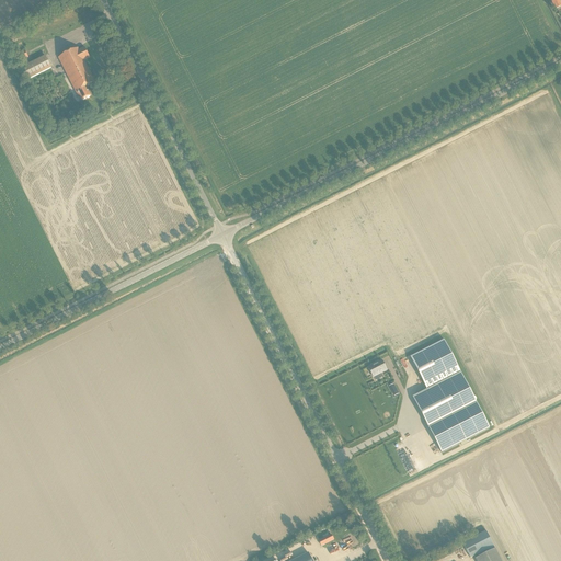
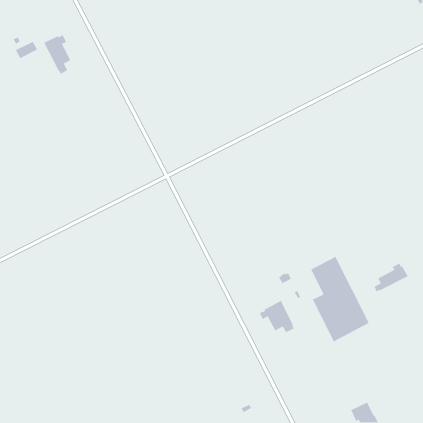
building: none -> [373,263,409,292]
building: none -> [259,300,295,333]

